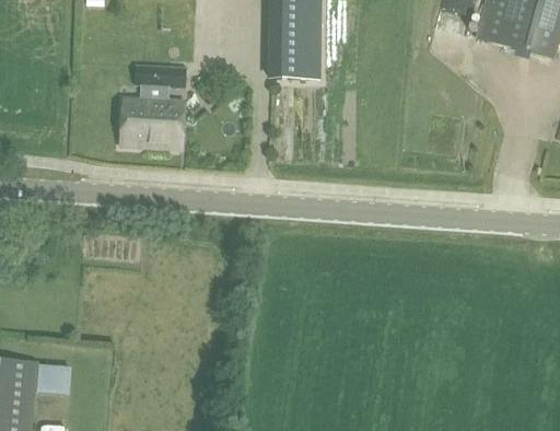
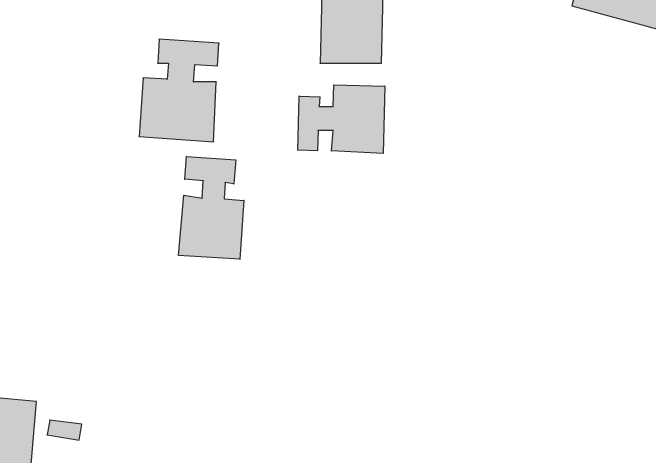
building: none -> [298,85,385,153]
building: none -> [179,156,244,259]

